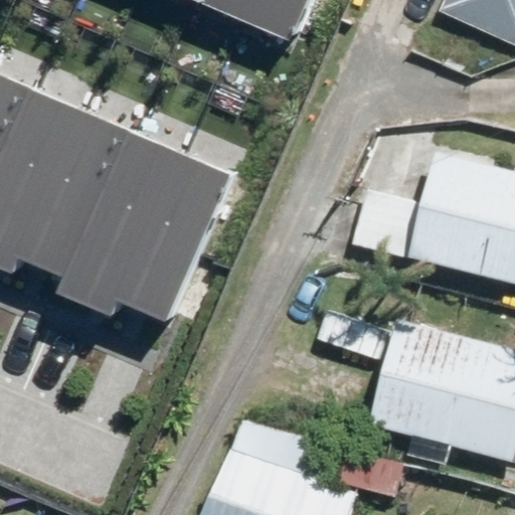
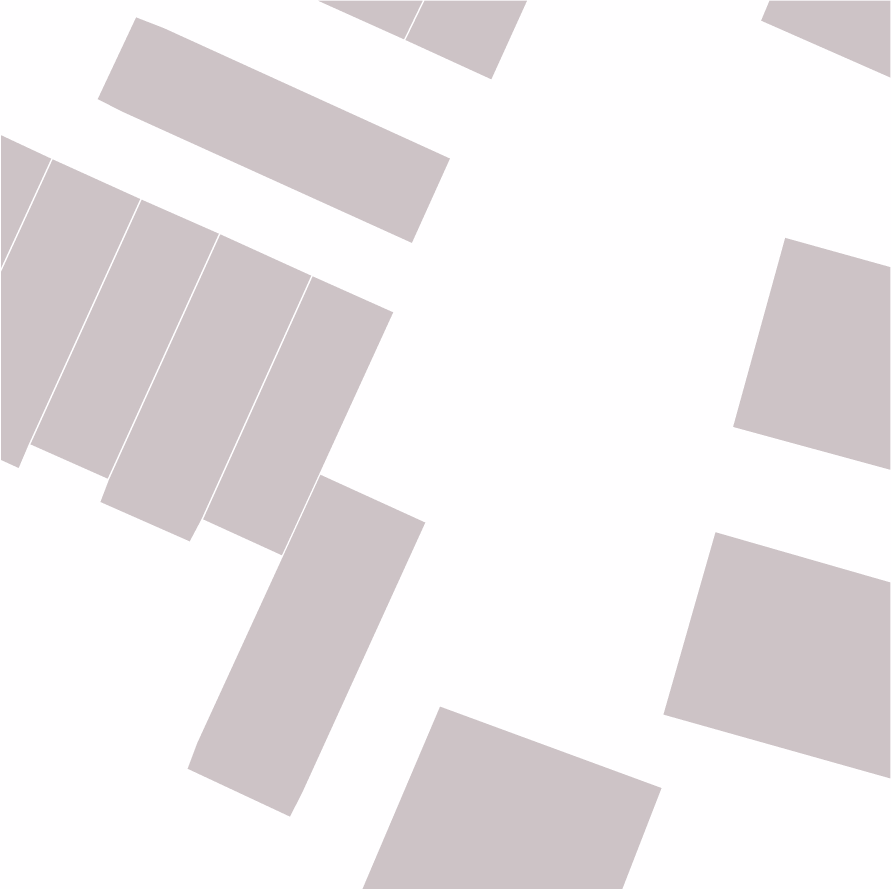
building: none -> [97,16,451,244]
building: none -> [187,474,426,817]

